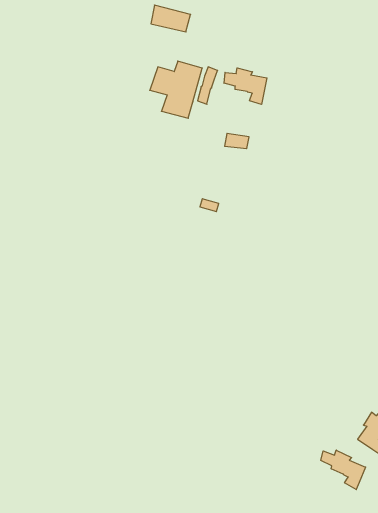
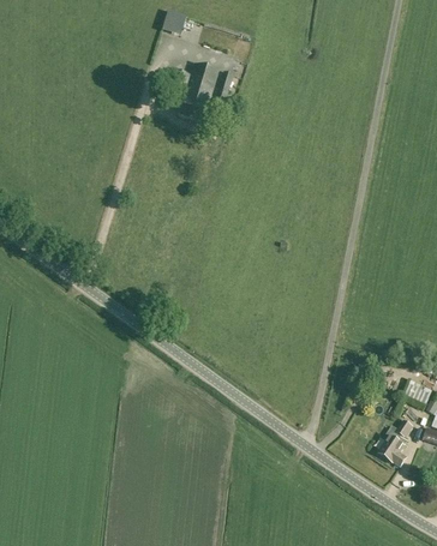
building: [224,68,267,104] -> none
building: [321,450,366,490] -> none

